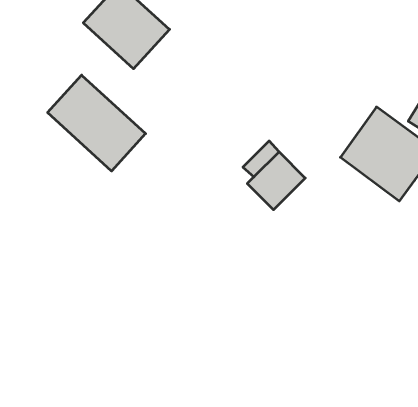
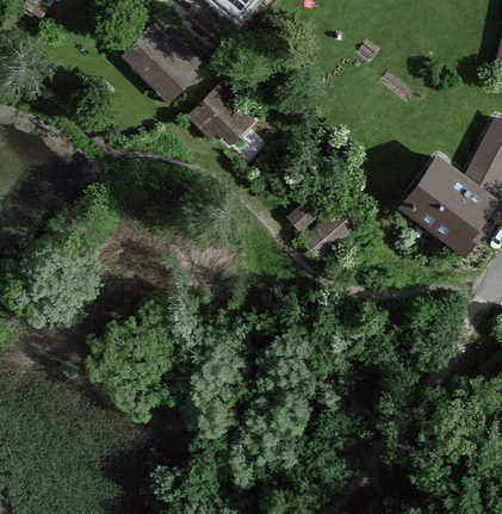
building: none -> [190,85,256,141]
building: [48,75,146,171] -> none

